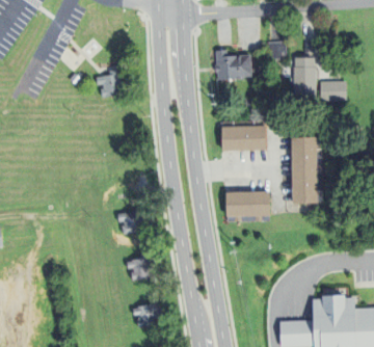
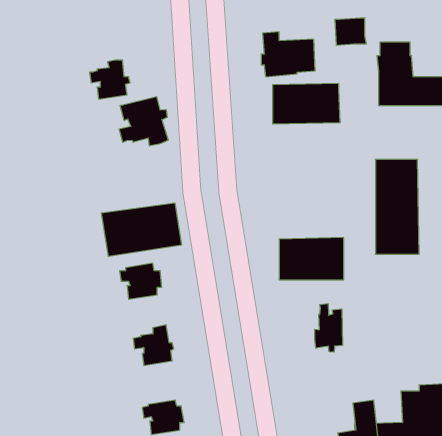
building: none -> [119,97,168,146]
building: [220,122,267,150] -> [273,83,340,124]
building: none -> [102,203,181,257]
building: none -> [315,304,343,352]

